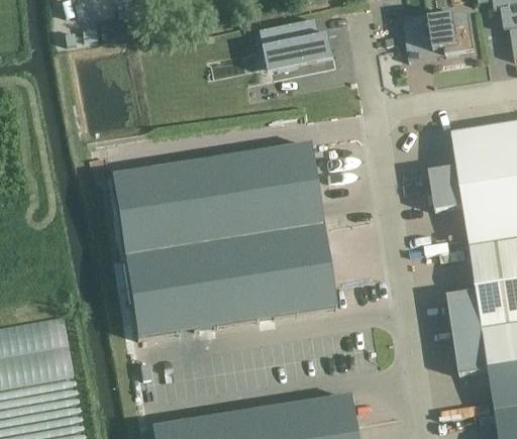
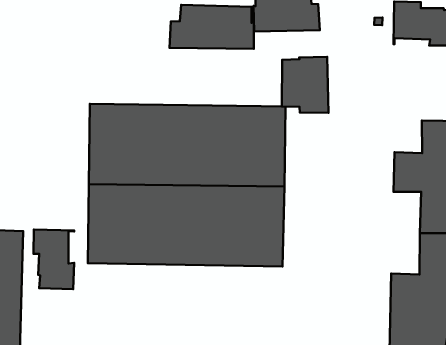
building: none -> [169,5,254,49]
building: none -> [282,57,328,113]
building: none -> [33,229,74,289]

